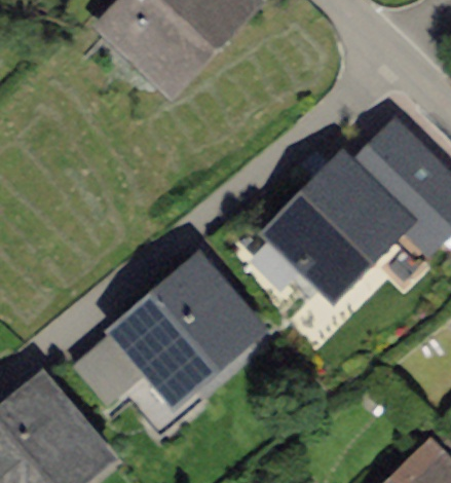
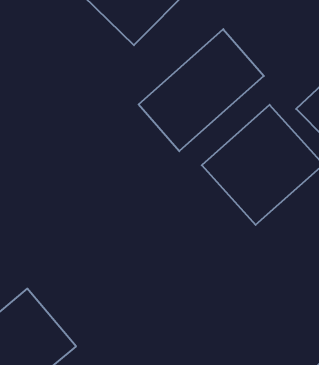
building: none -> [139,29,264,151]
building: [92,259,254,416] -> none

